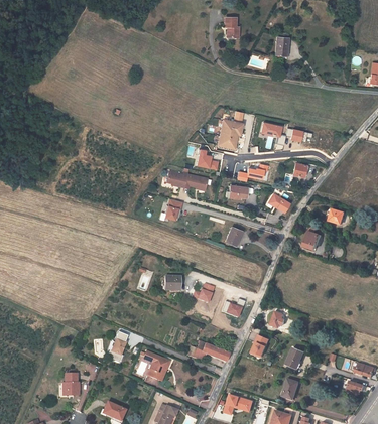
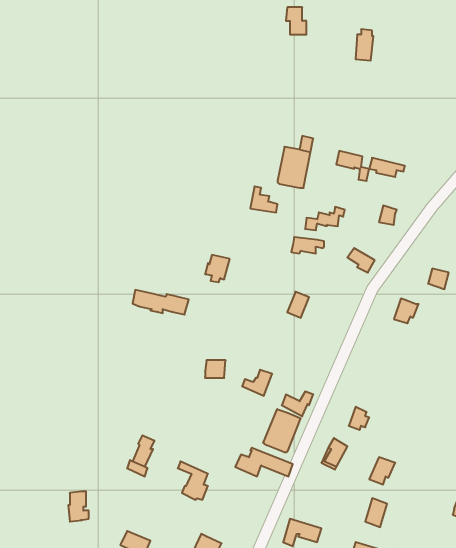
building: [166,171,208,189] -> [133,290,189,315]
building: none -> [263,409,301,453]

